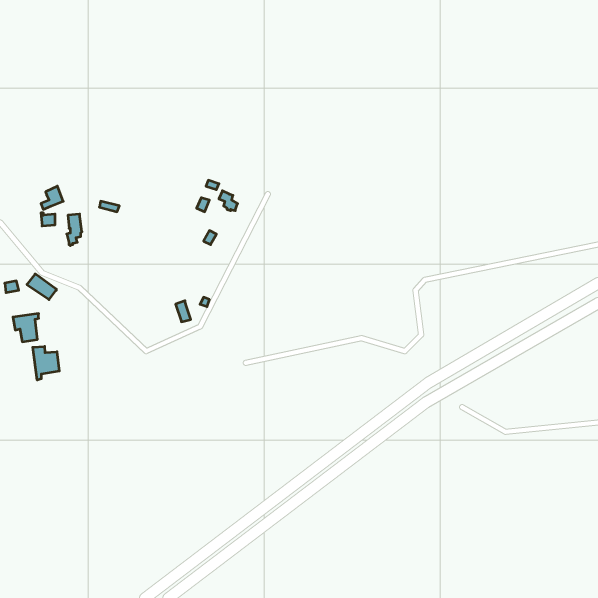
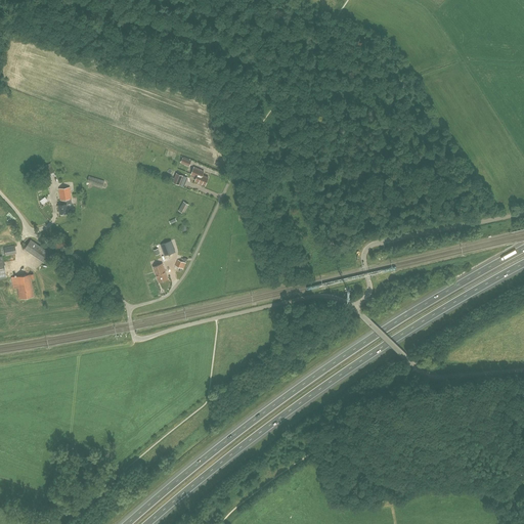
building: [33,346,59,380] -> none

